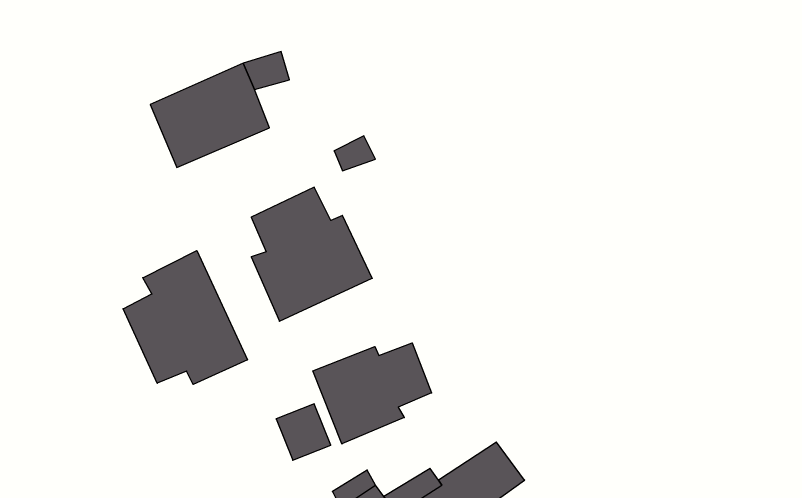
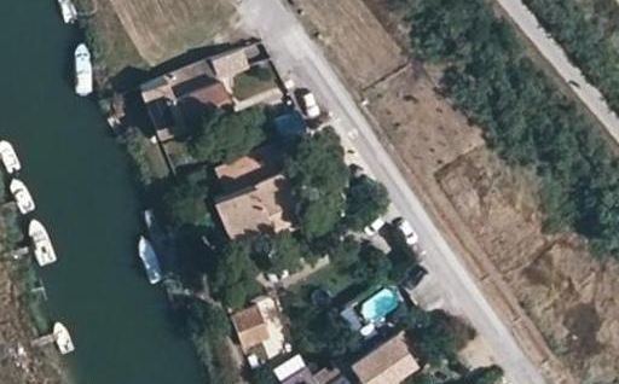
building: [123,251,247,384] -> none
building: [313,343,432,444] -> none

